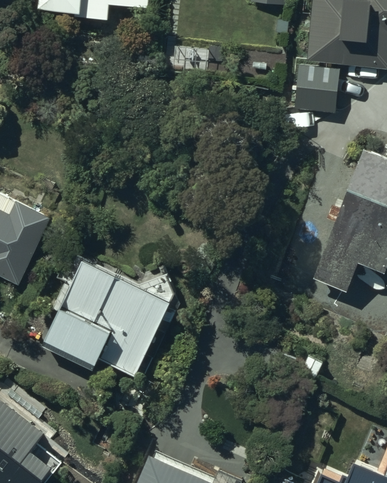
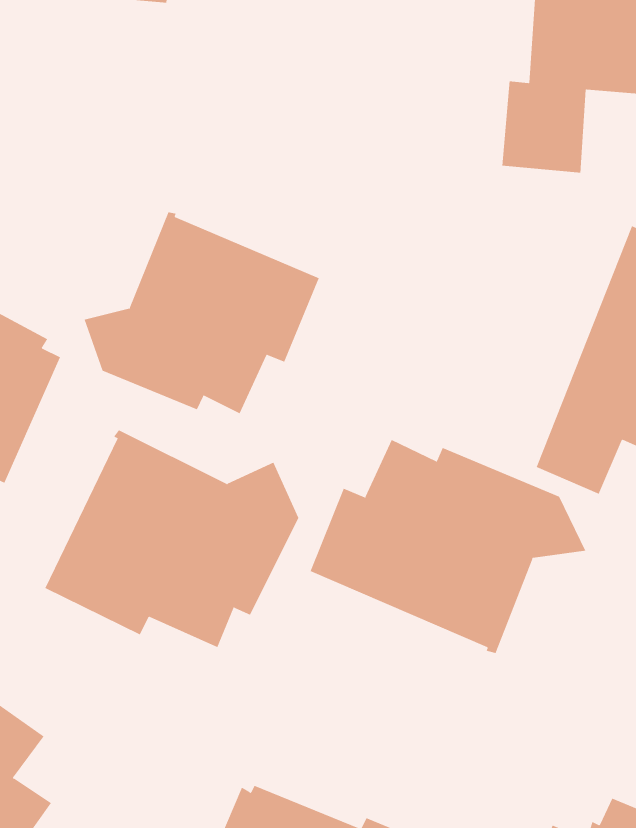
building: none -> [84,211,319,414]
building: none -> [310,439,586,654]

